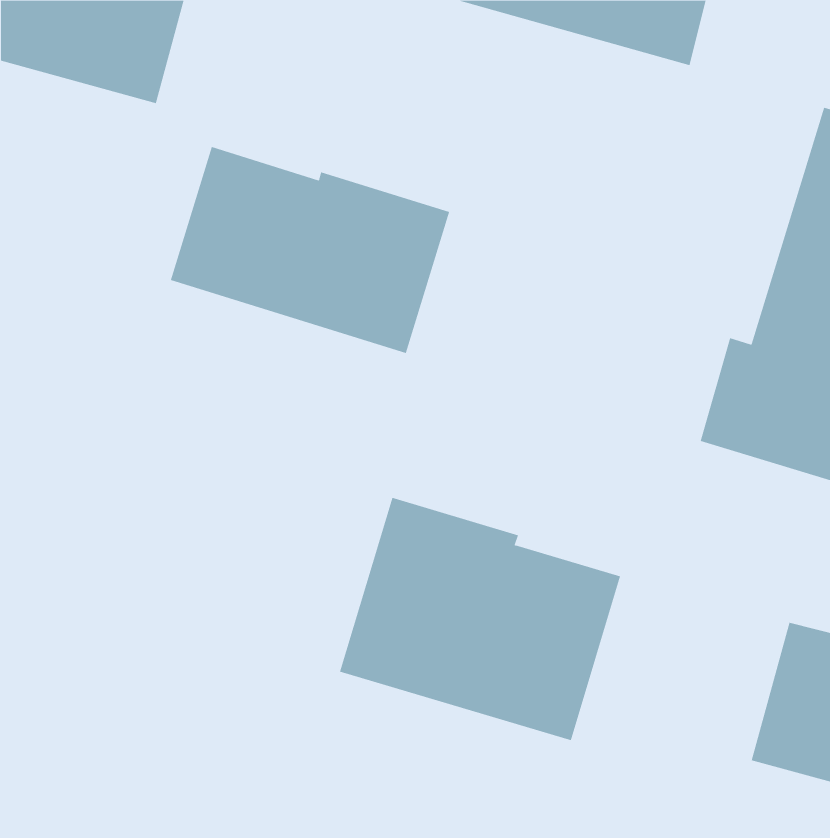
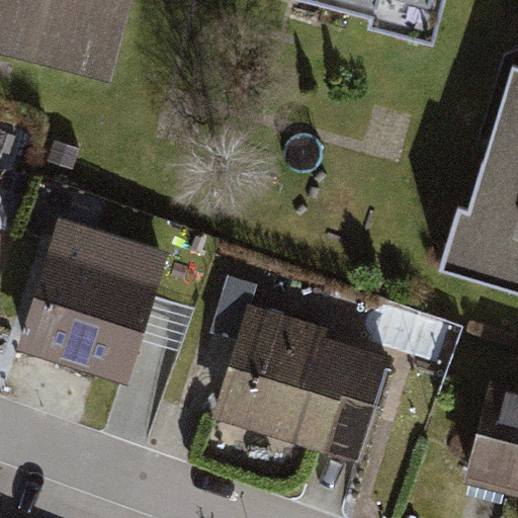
building: [170,146,450,354] -> none
building: none -> [20,225,162,374]

